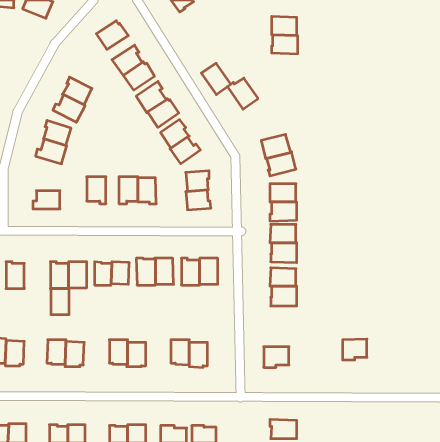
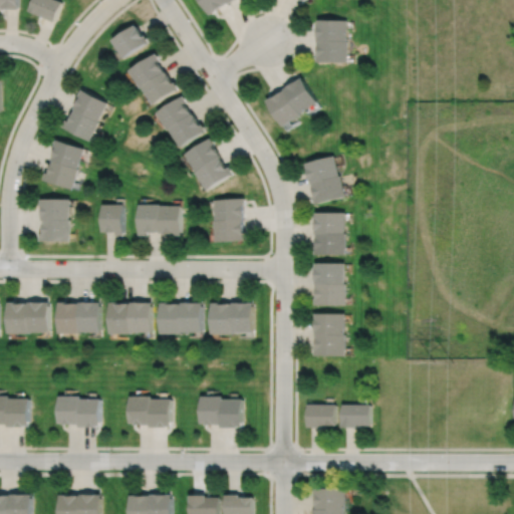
building: [201,63,231,95] -> [281,78,315,114]
building: none -> [38,200,68,222]
building: [51,289,69,315] -> [28,304,49,334]
building: [343,339,367,360] -> [340,403,368,427]

